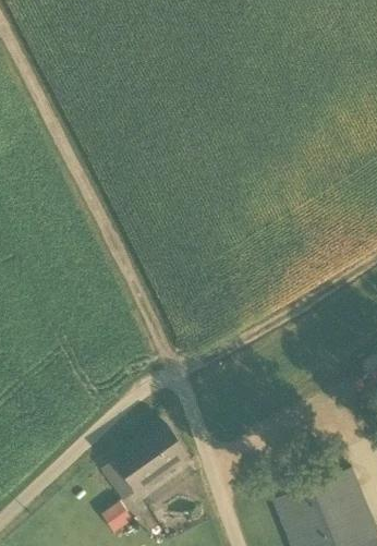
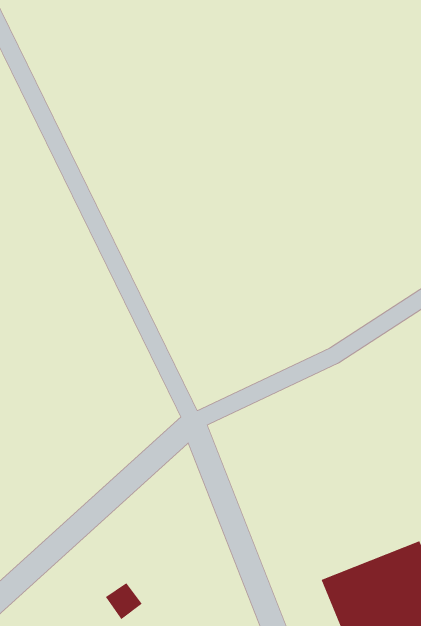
building: [102,427,184,500] -> none

